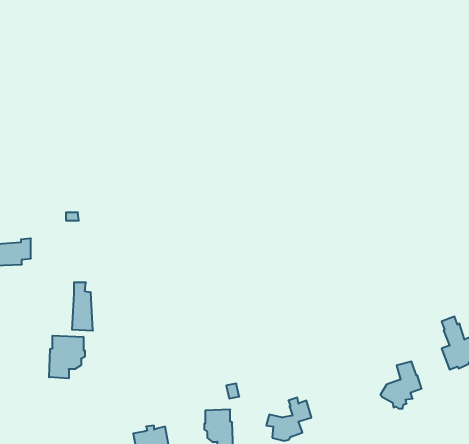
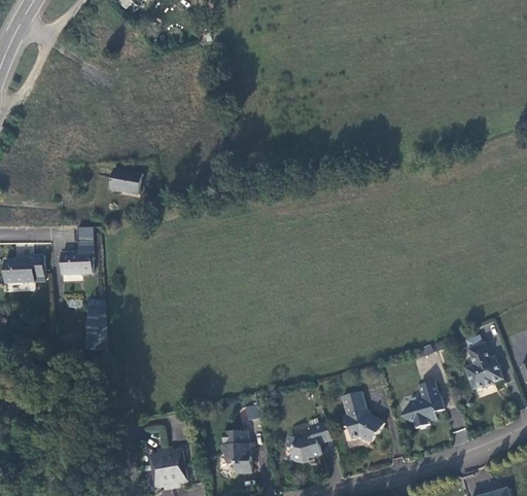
building: none -> [109,169,142,194]
building: none -> [61,240,94,274]
building: [49,336,85,378] -> none
building: none -> [342,391,384,441]

